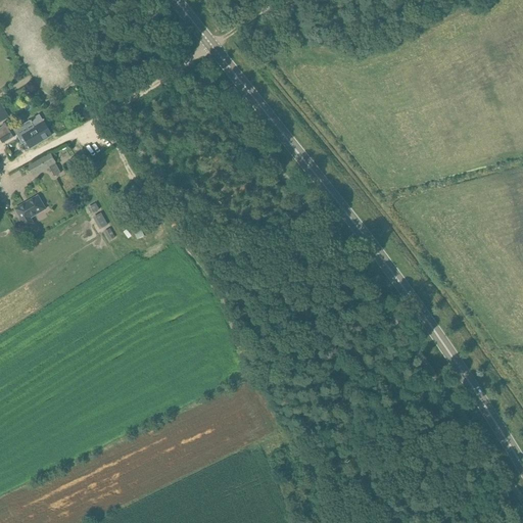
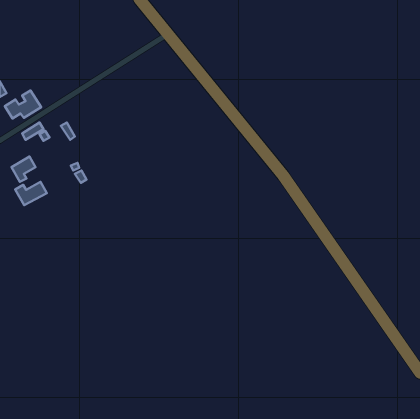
building: none -> [15,182,47,205]

